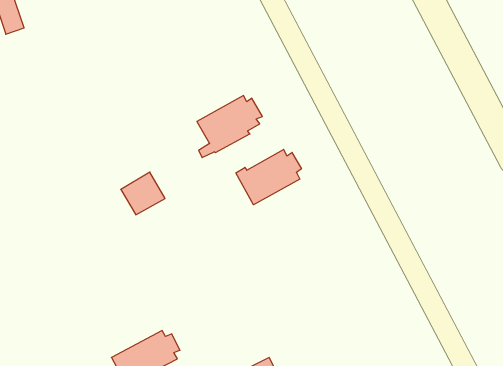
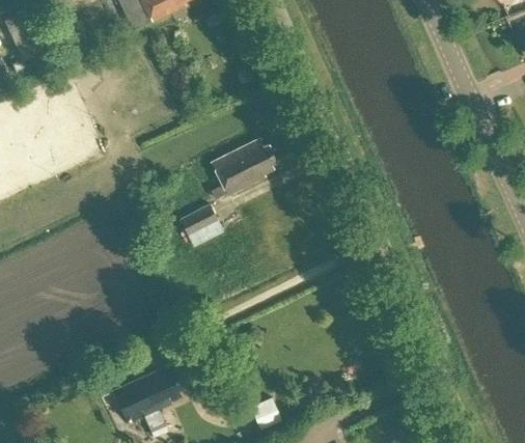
building: [236,149,301,205] -> none
building: [121,172,165,215] -> [179,206,223,248]

